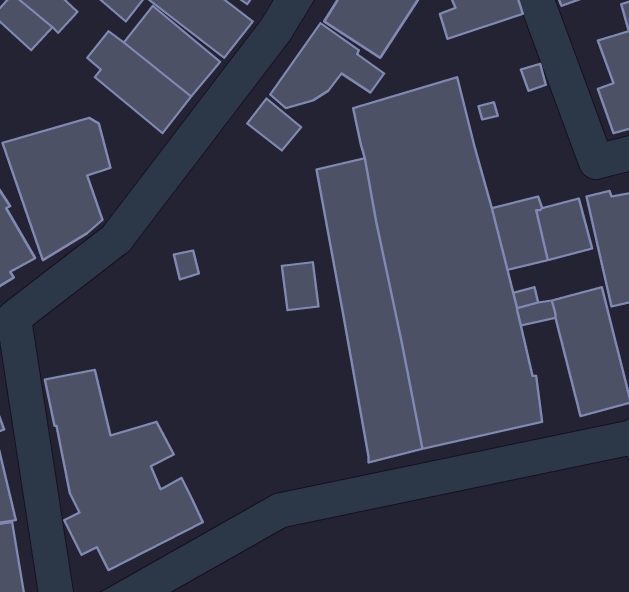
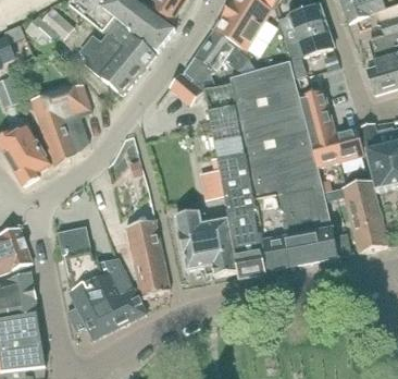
building: none -> [283,25,333,58]
building: none -> [298,93,334,135]
building: none -> [174,210,236,276]
building: none -> [124,219,169,298]

